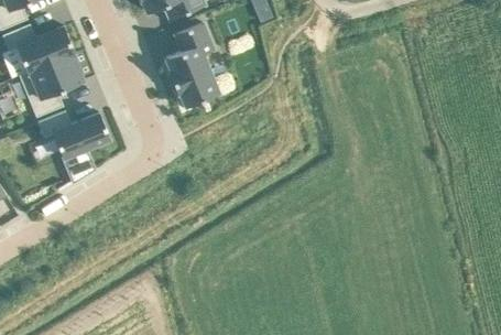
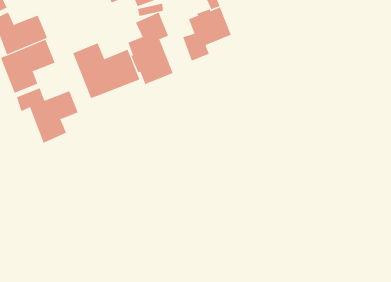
building: none -> [182,6,232,61]
building: none -> [73,43,140,99]

